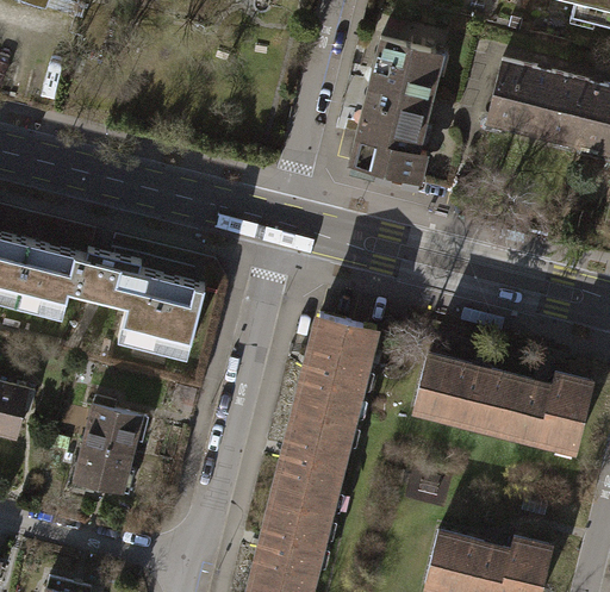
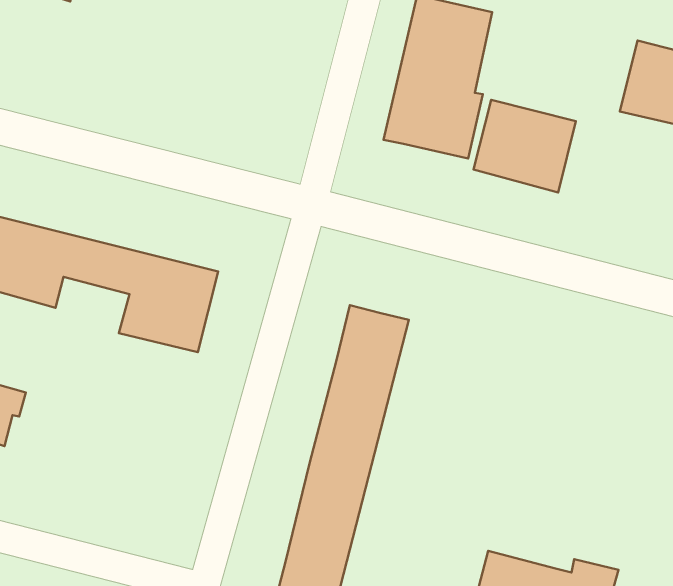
building: [484,61,574,143] -> [474,100,576,192]
building: [411,354,591,449] -> none
building: [71,405,145,496] -> none

